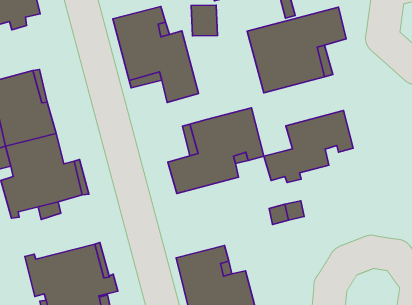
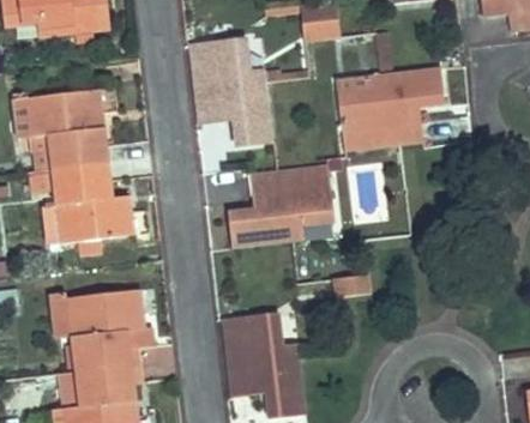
building: [264,111,353,183] -> none

